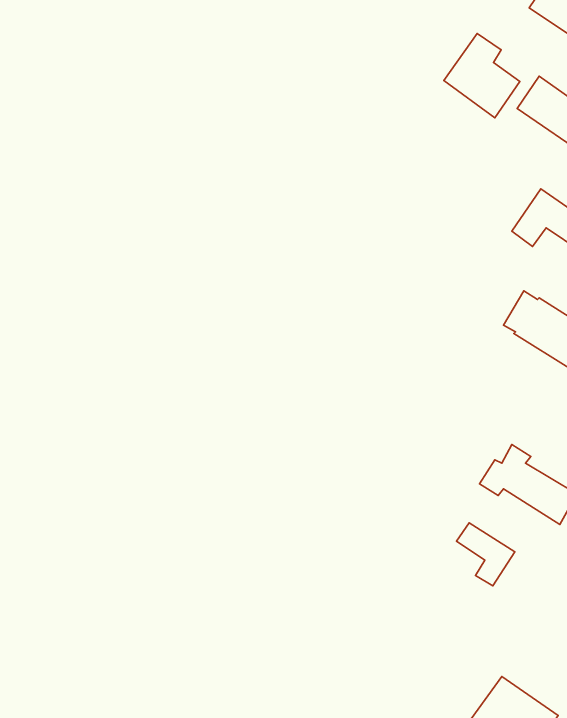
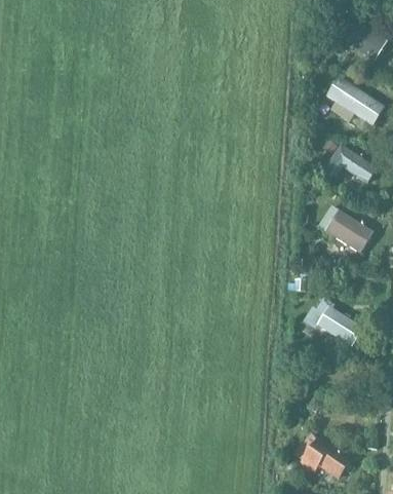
building: [444,33,520,118] -> none
building: [457,523,515,586] -> none

